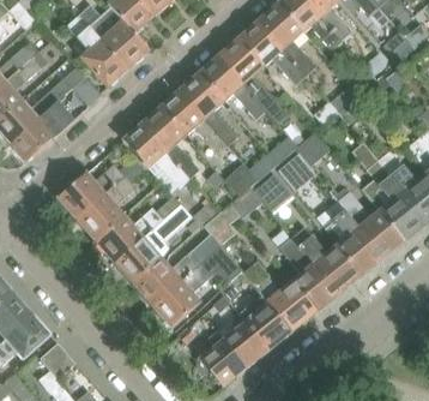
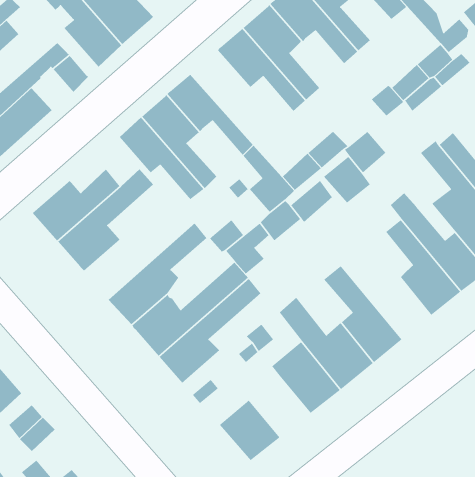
building: [177,73,236,145] -> none
building: [97,194,181,263] -> none
building: [291,227,359,293] -> none
building: [222,321,268,367] -> none

